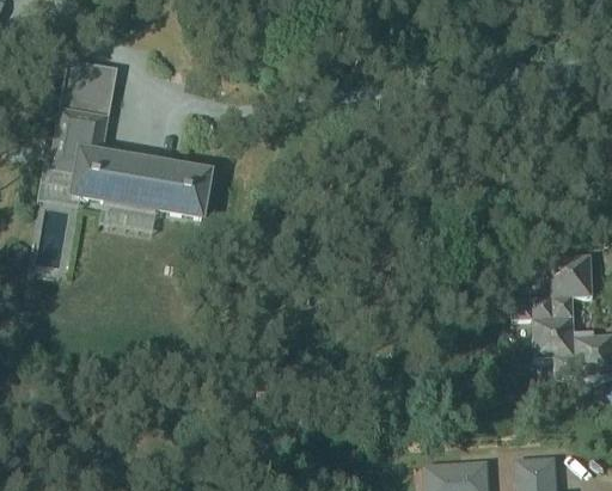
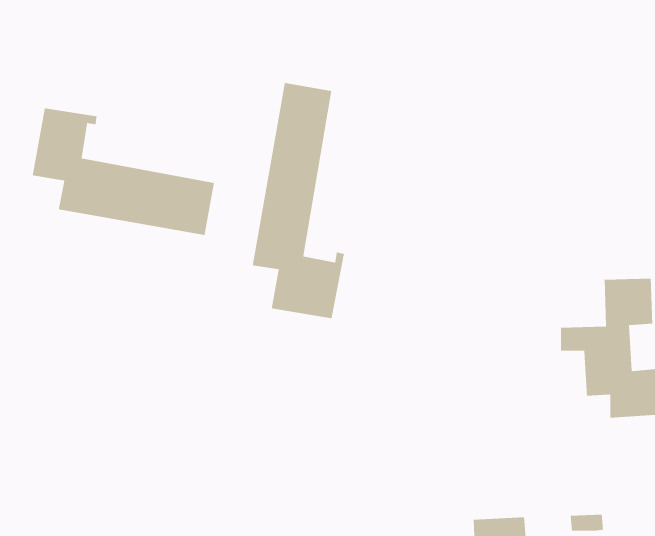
building: [61,59,115,111] -> none
building: none -> [252,82,345,319]

